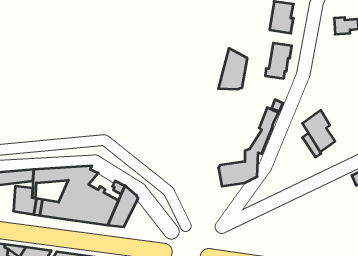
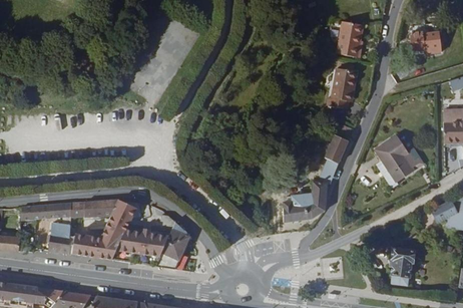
building: [218,48,247,89] -> none
building: none -> [391,247,415,283]

